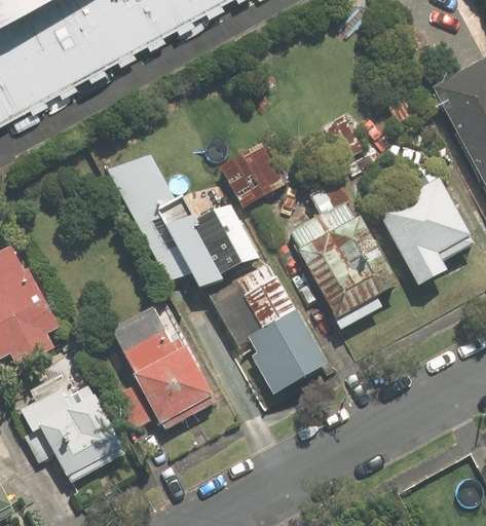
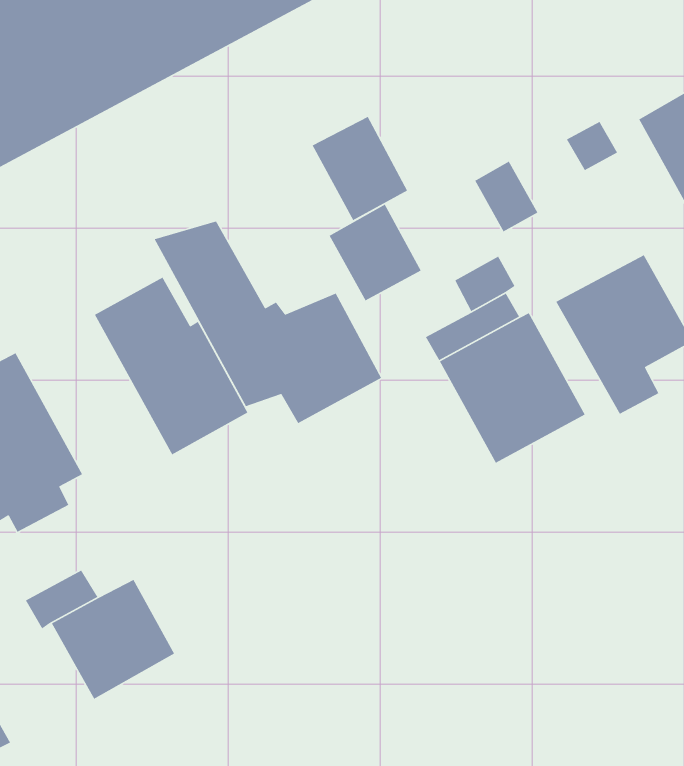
building: none -> [311,116,408,221]
building: [215,262,326,394] -> none
building: [108,304,212,424] -> [94,276,249,456]

